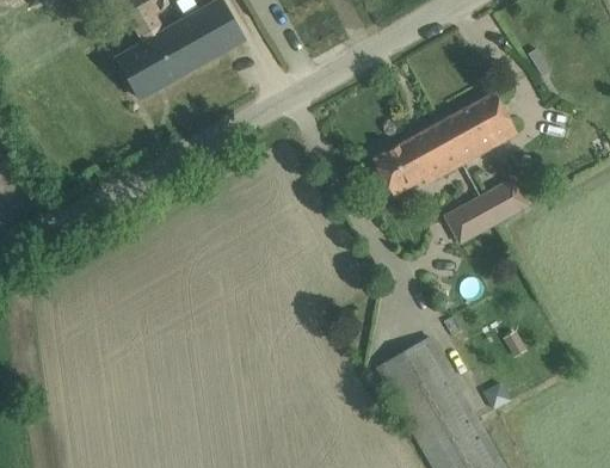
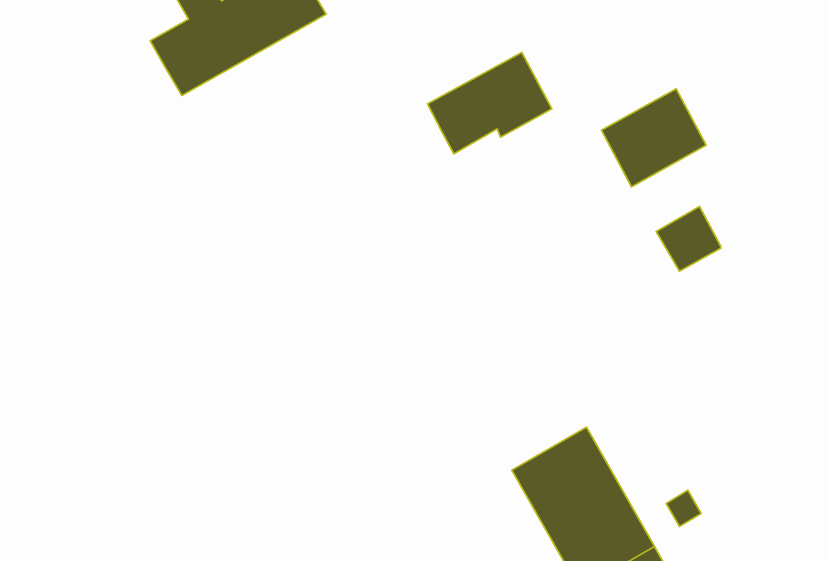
building: [374,122,463,195] -> [427,53,552,154]
building: [445,195,498,244] -> none

